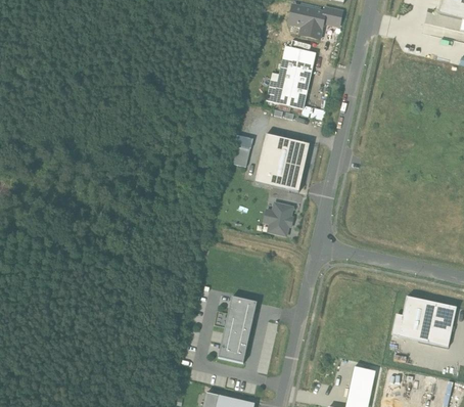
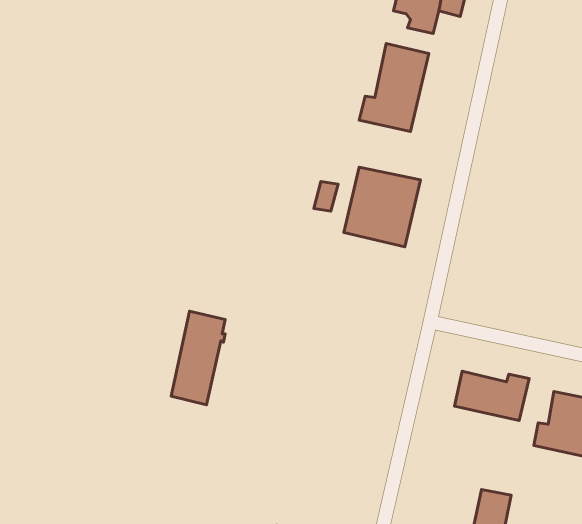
building: [264,202,292,234] -> none
building: none -> [454,371,529,420]
building: [218,296,257,363] -> [171,311,225,405]

